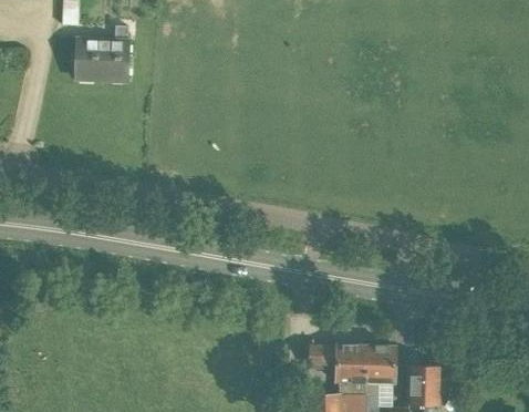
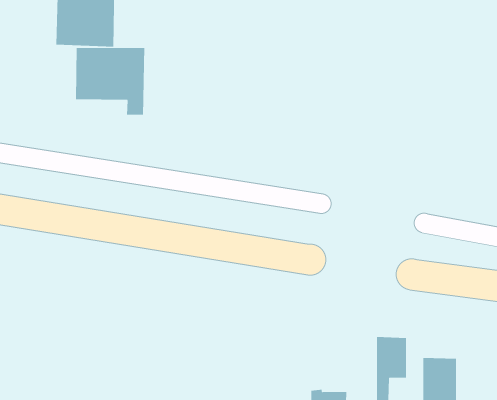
building: none -> [76,47,145,116]
building: [308,346,366,392] -> none

